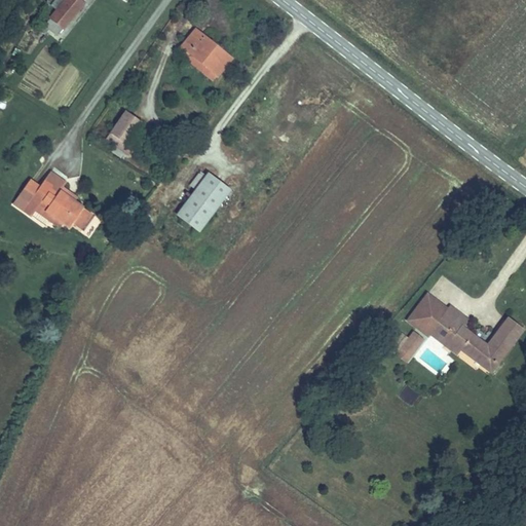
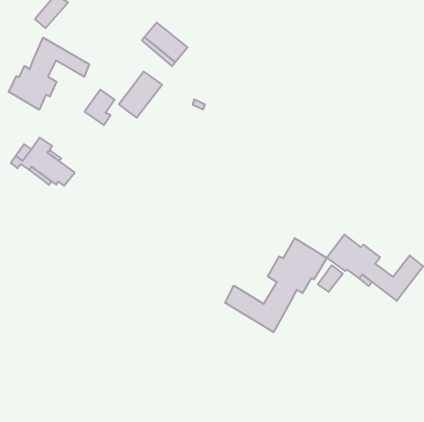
building: none -> [9,37,89,110]
building: [177,173,230,230] -> [119,71,162,118]
building: none -> [225,238,327,332]

